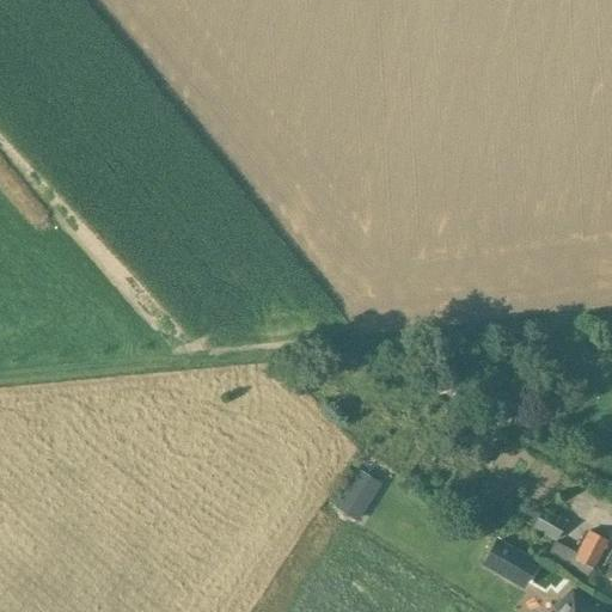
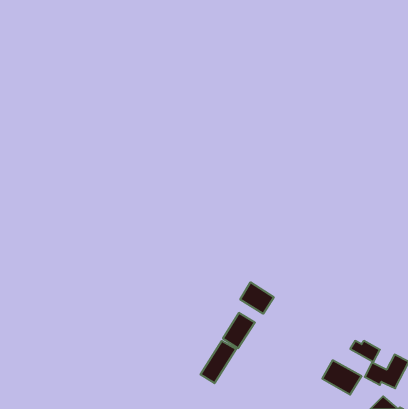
building: none -> [240,282,274,314]
building: none -> [201,341,236,383]

